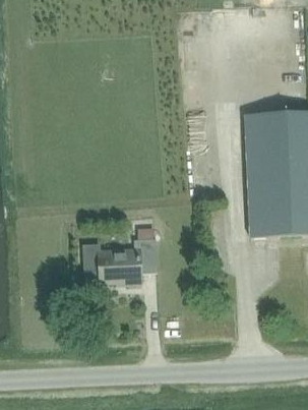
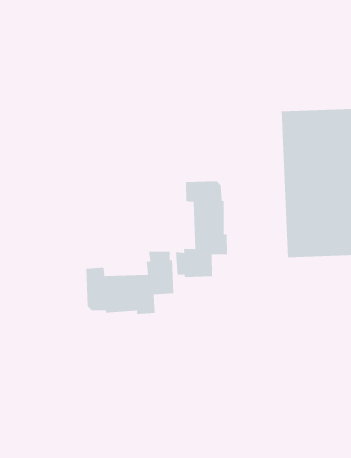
building: none -> [175,180,228,278]

